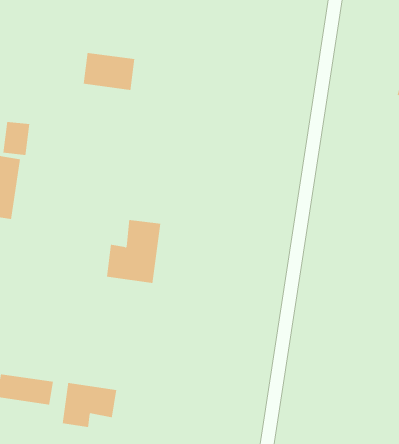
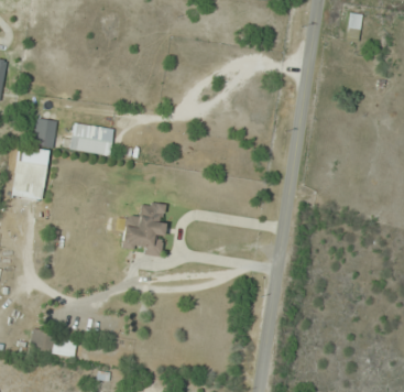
building: [83,52,135,90] -> [69,122,113,154]
building: [62,382,117,428] -> none

